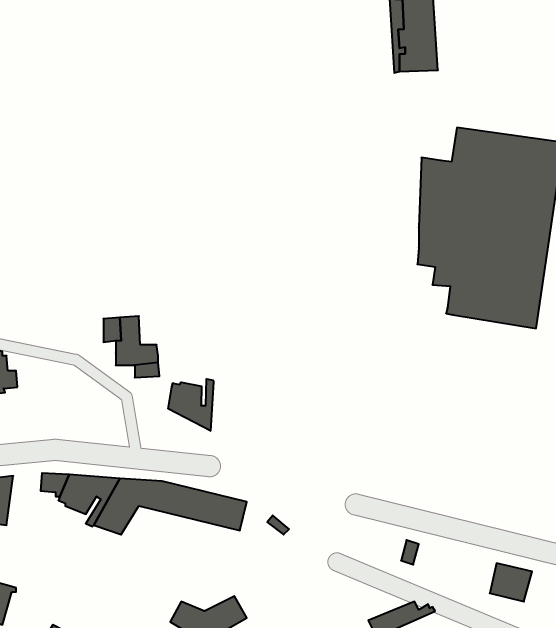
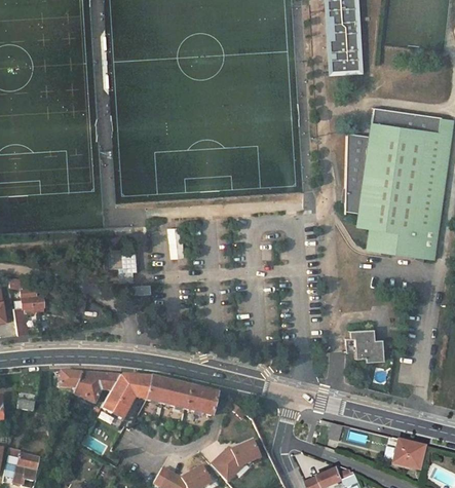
building: [168,379,214,431] -> none
building: none -> [345,327,384,359]
building: none -> [211,440,260,481]

